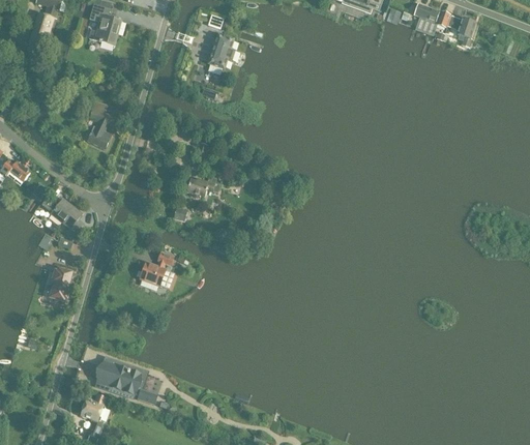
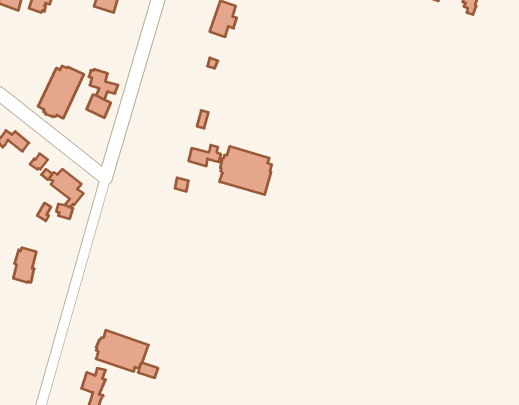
building: none -> [38,66,84,118]
building: none -> [220,146,272,195]
building: [140,253,172,285] -> none
building: [49,267,71,301] -> [13,248,36,282]

